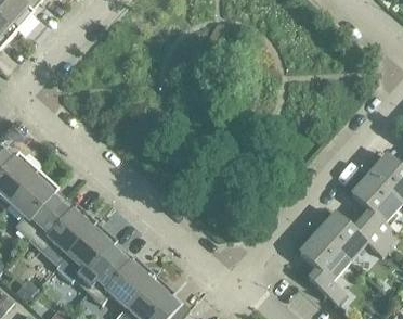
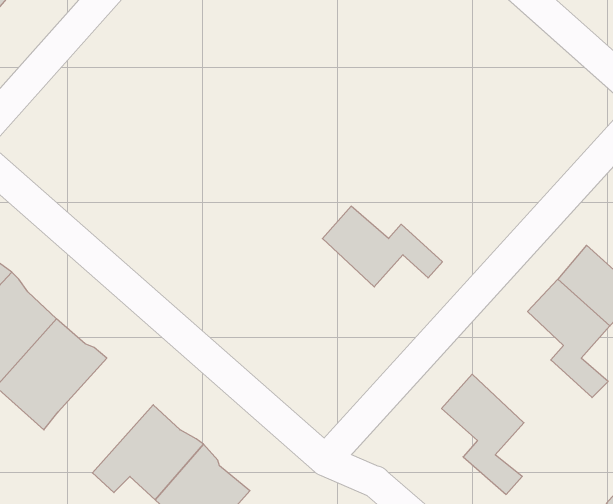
building: [316,213,389,261] -> [322,206,442,287]
building: [66,222,124,292] -> none

